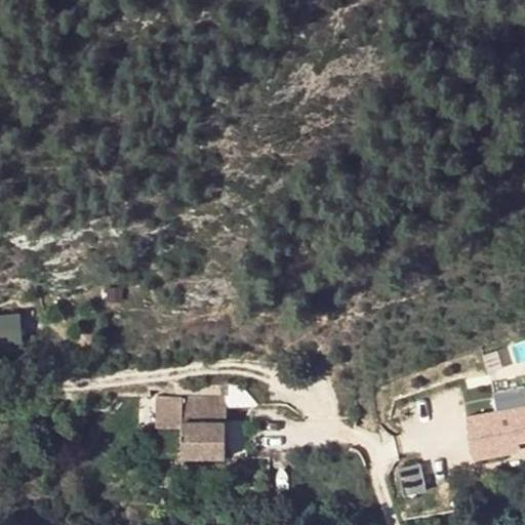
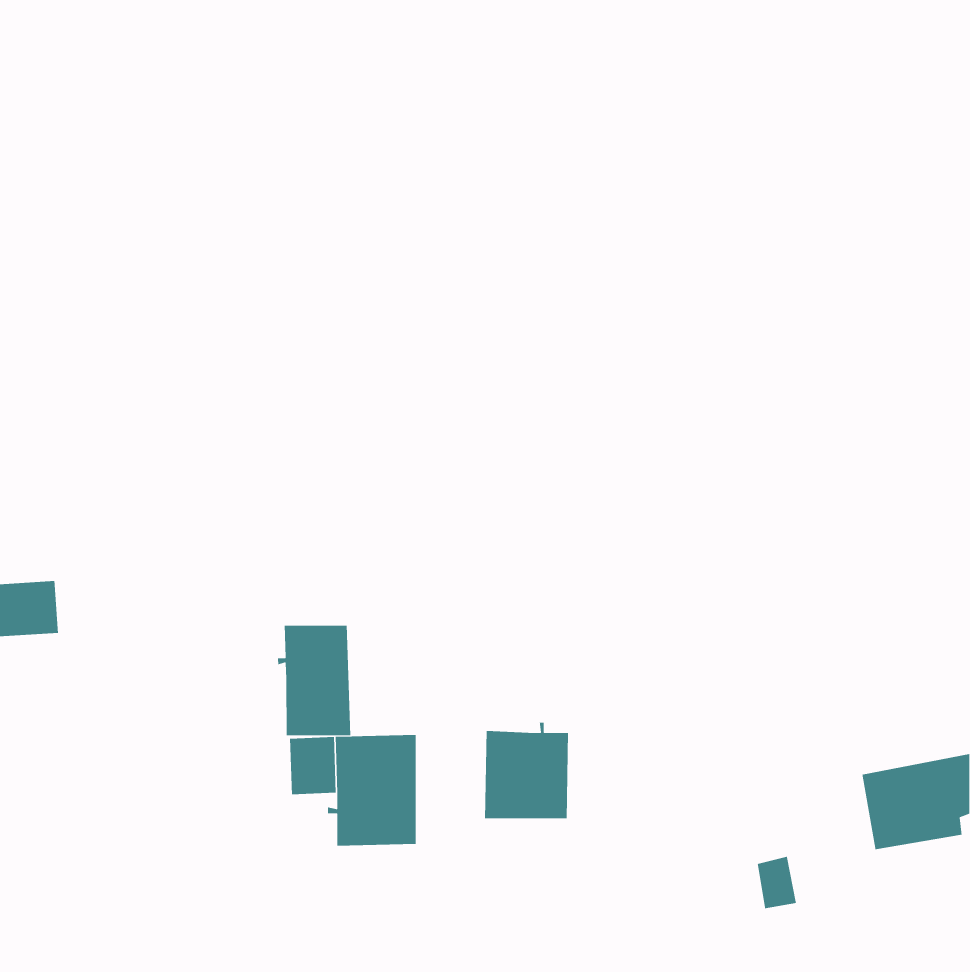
building: none -> [277,625,351,736]
building: none -> [484,722,569,819]

